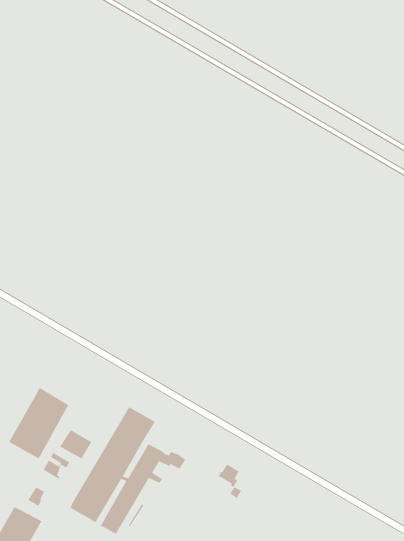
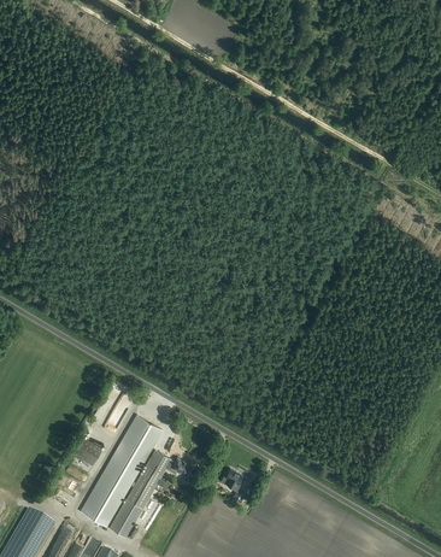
building: [8,387,70,459] -> none

